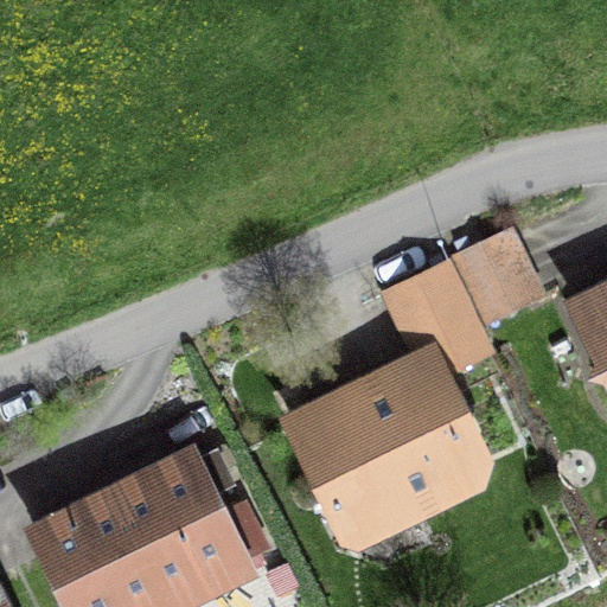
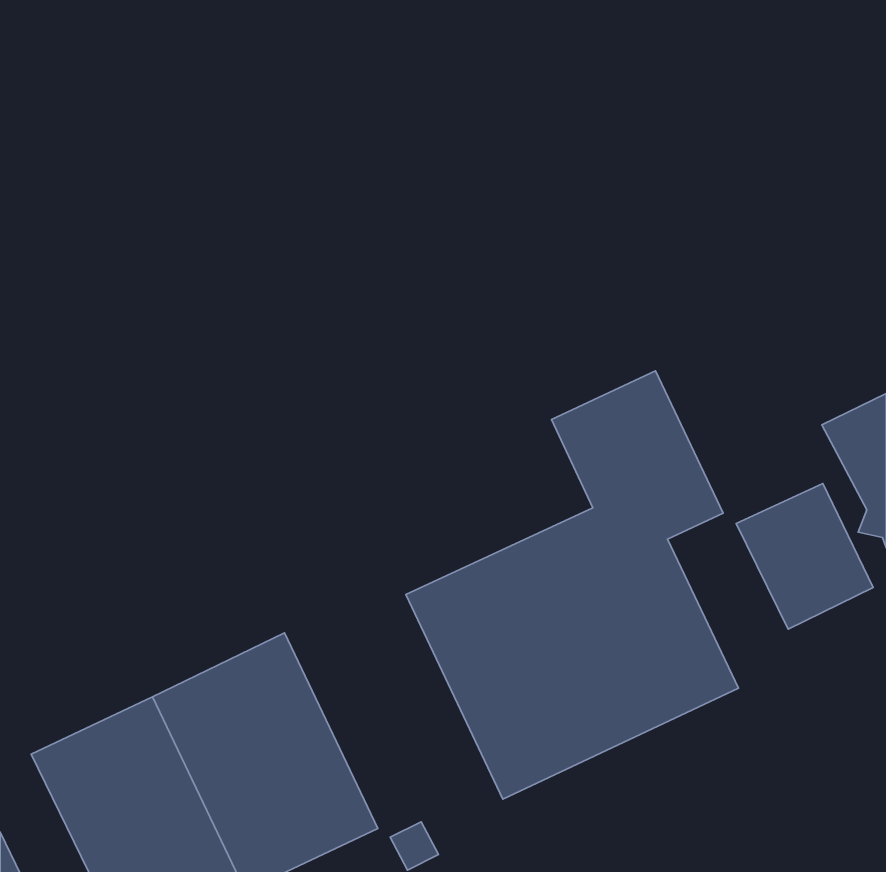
building: [453,228,547,327] -> [736,483,873,629]

